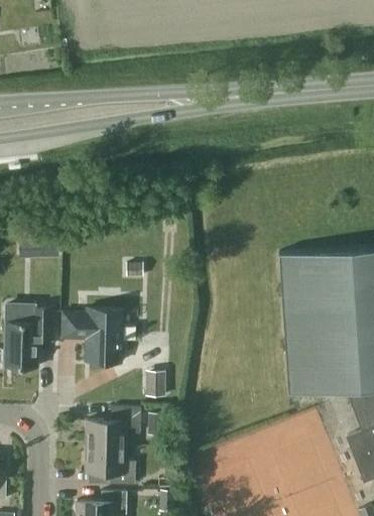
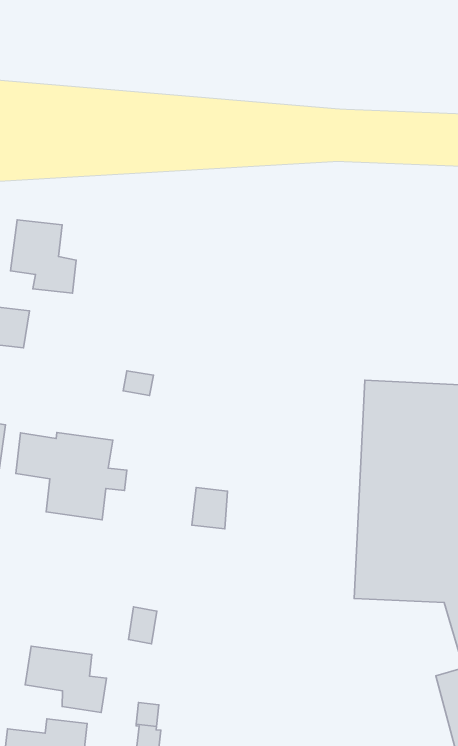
building: none -> [10,220,76,293]
building: [145,373,166,397] -> [192,488,227,529]
building: [85,407,140,448] -> none

